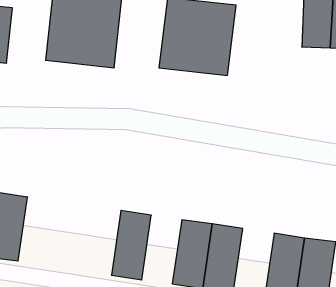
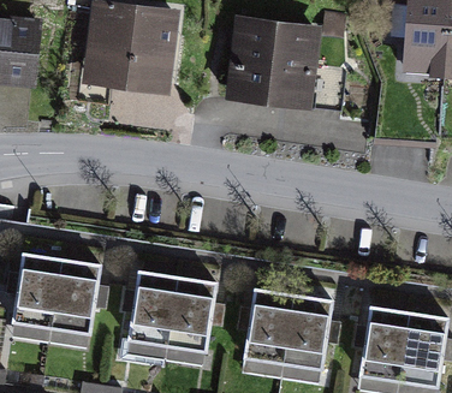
building: none -> [47,260,99,346]
building: none -> [126,270,177,358]

